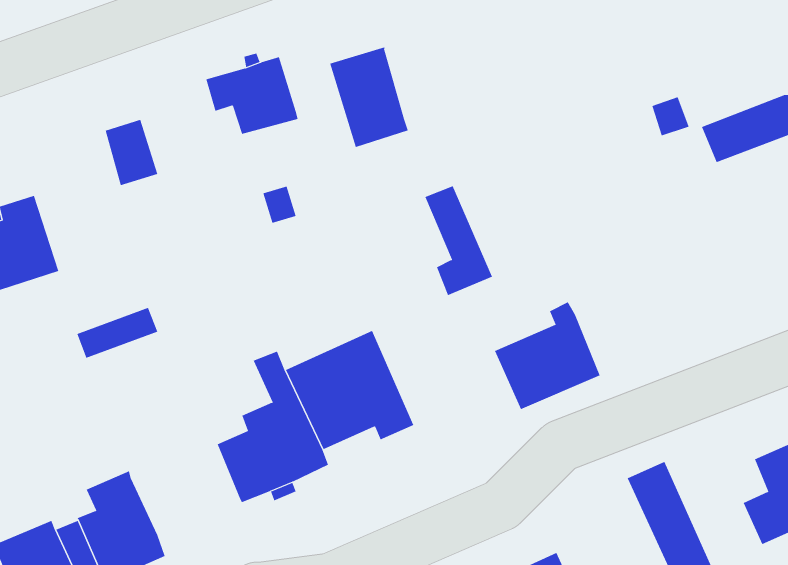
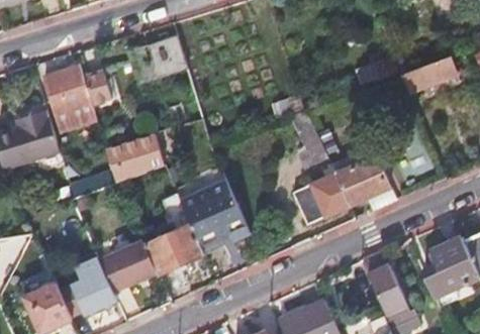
building: [329,47,409,148] -> none
building: none -> [43,67,93,114]
building: [425,186,493,296] -> [291,111,327,170]
building: none -> [106,135,163,182]
building: none -> [334,146,391,207]
building: none -> [98,241,156,292]

